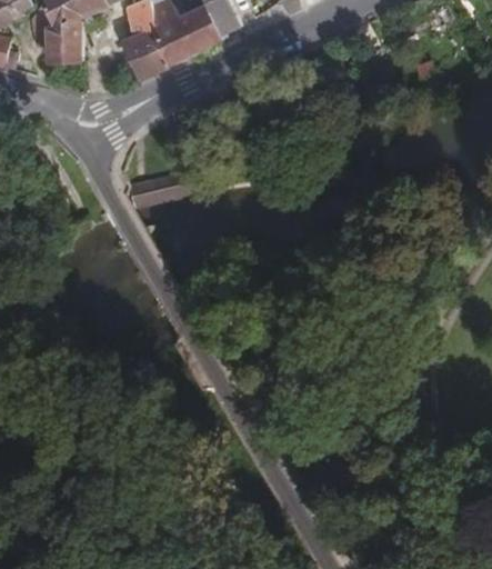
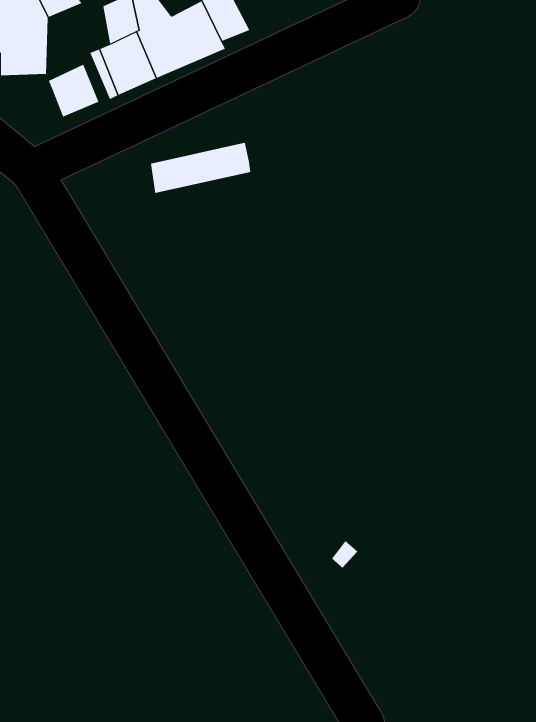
building: none -> [48,64,99,118]
building: [130,169,209,209] -> [150,142,251,193]

